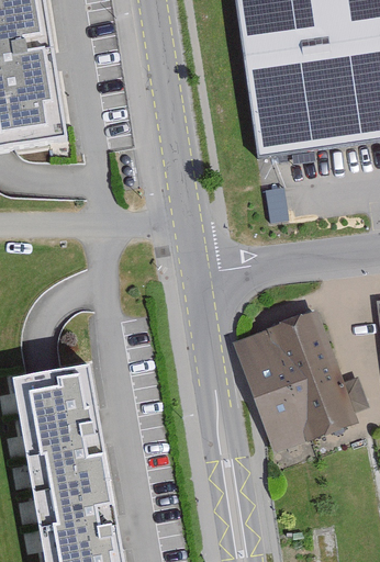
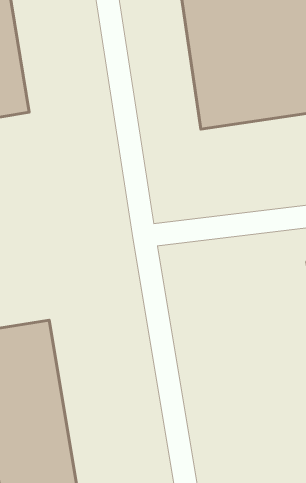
building: [239,312,361,451] -> none

